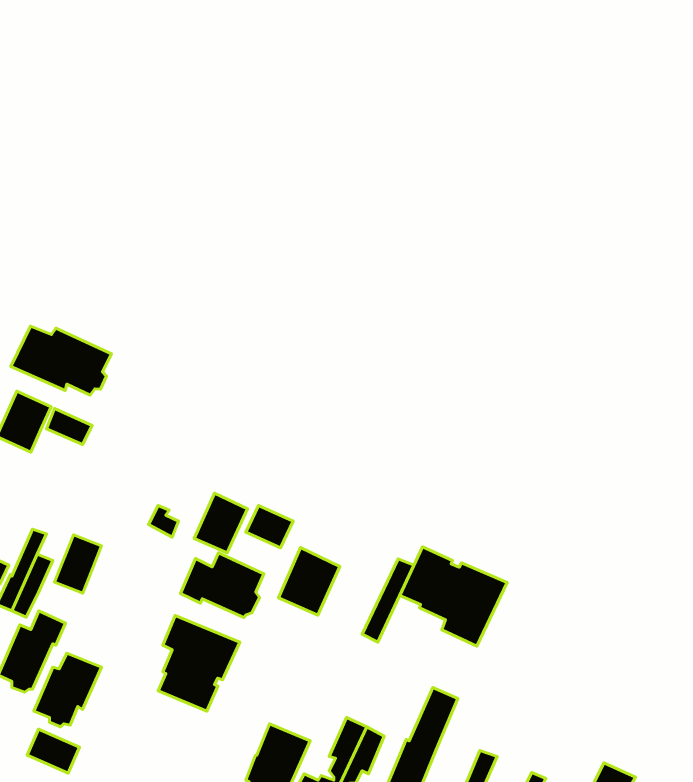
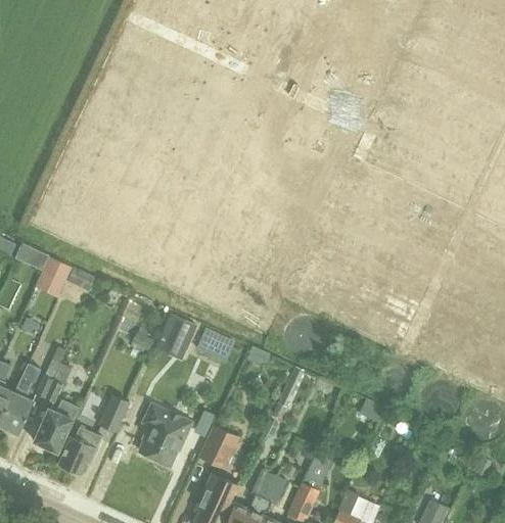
building: [11,326,111,395] -> none
building: [55,535,102,593] -> [99,394,130,432]
building: [400,547,507,646] -> none
building: [279,548,340,615] -> [198,425,238,469]
building: [181,553,264,618] -> none
building: [27,729,79,773] -> none

